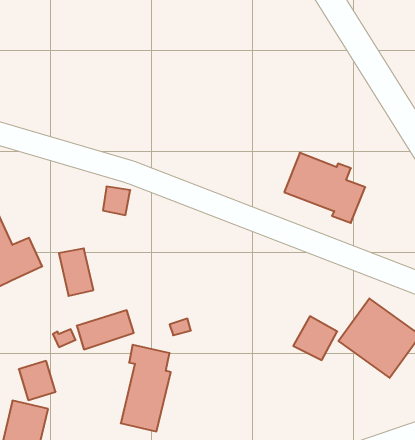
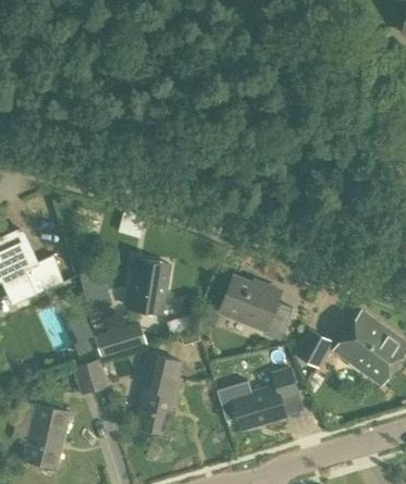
building: [284,153,365,223] -> [219,277,293,342]
building: none -> [125,258,171,315]
building: none -> [233,369,296,431]
building: [19,361,56,400] -> [74,359,108,395]

